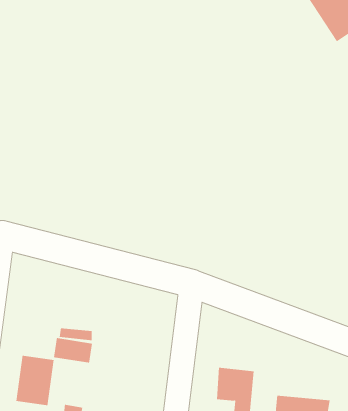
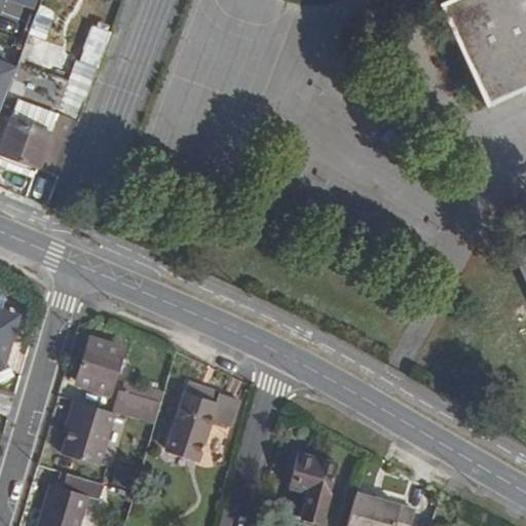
building: none -> [76,341,121,392]
building: none -> [168,377,236,451]

